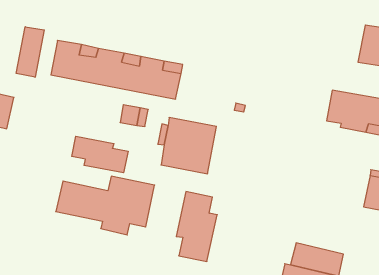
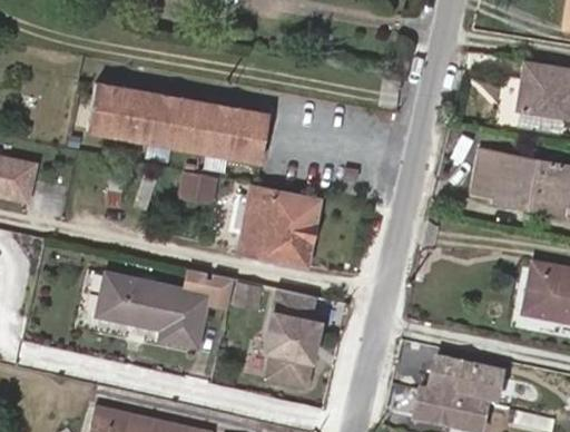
building: [16,27,44,77] -> none
building: [72,136,128,173] -> none

